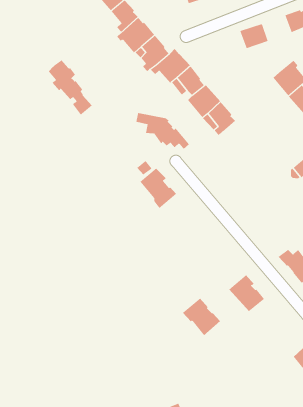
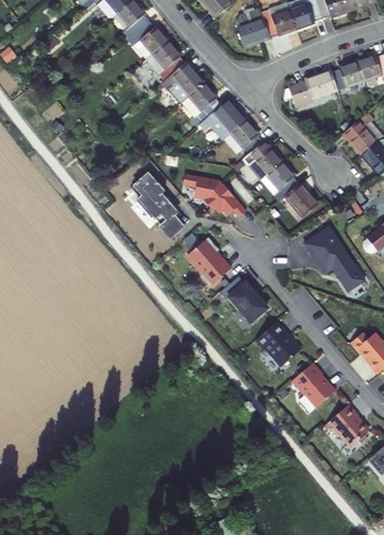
building: none -> [331,60,364,91]
building: none -> [283,82,313,107]
building: [48,59,93,116] -> [131,174,184,240]
building: none -> [284,183,319,218]
building: none -> [304,226,364,291]
building: none -> [229,283,267,323]
building: [182,298,221,336] -> [255,322,300,367]
building: none -> [322,405,368,446]

